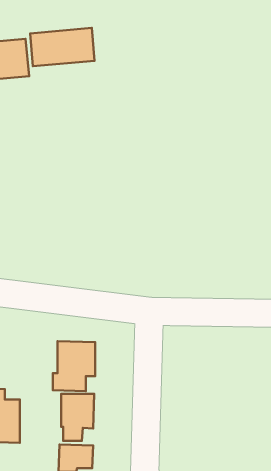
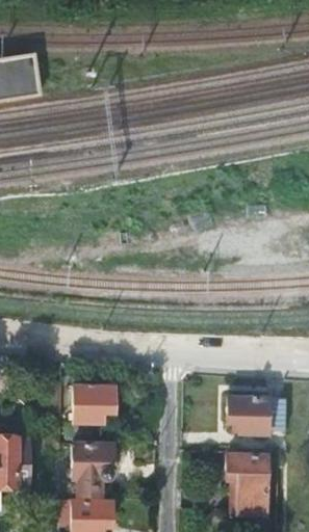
building: [30,28,94,66] -> none
building: none -> [227,401,285,442]
building: none -> [226,455,265,516]

